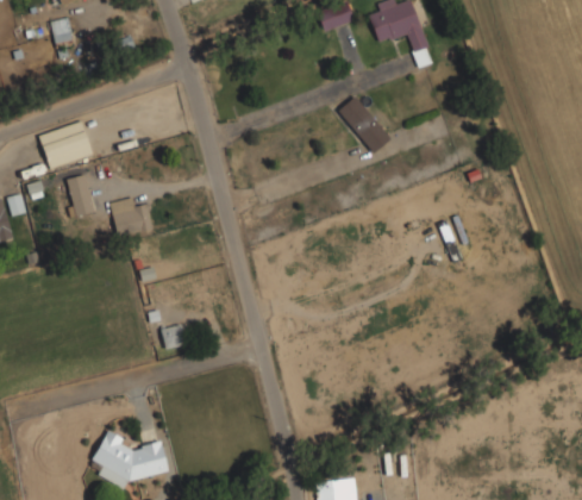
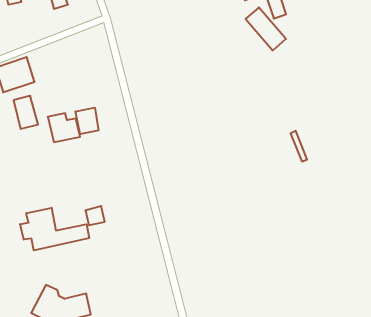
building: [337,95,392,154] -> [246,7,286,50]
building: none -> [75,108,99,134]
building: none -> [20,208,89,250]

